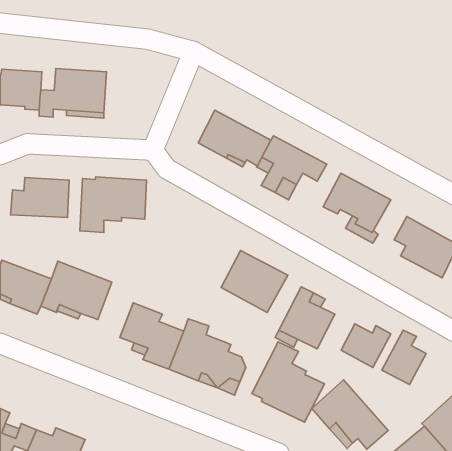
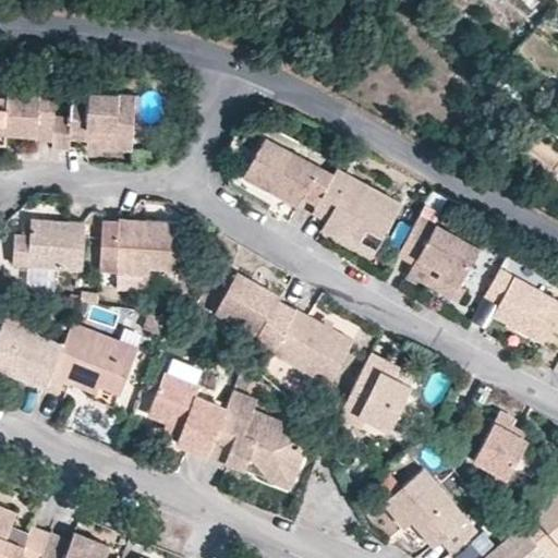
building: none -> [217,275,298,351]
building: [341,324,391,367] -> none
building: [252,342,324,422] -> none

